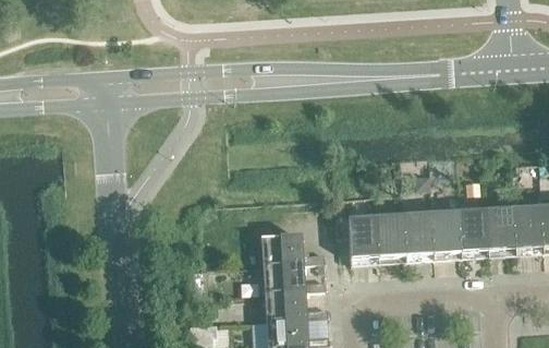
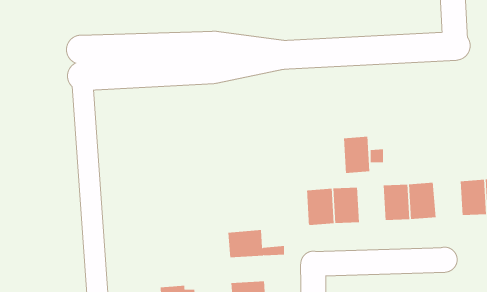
building: [485,207,515,247] -> none
building: [403,212,432,252] -> [343,136,370,174]
building: [260,232,324,263] -> none
building: [265,288,327,317] -> none

